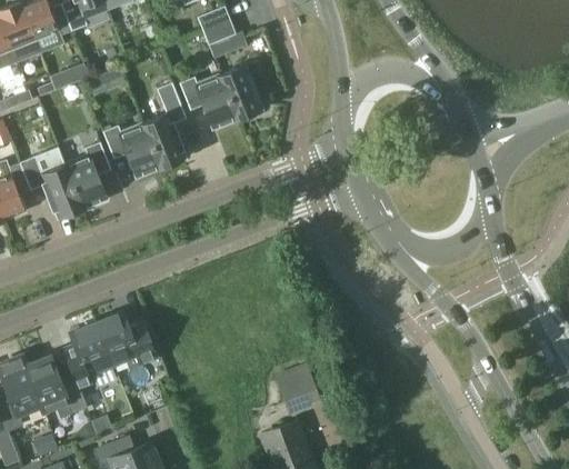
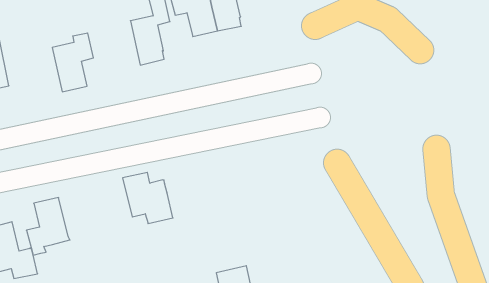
building: [101,122,160,178] -> none
building: [18,147,81,219] -> none
building: [94,312,154,367] -> [123,172,173,224]

